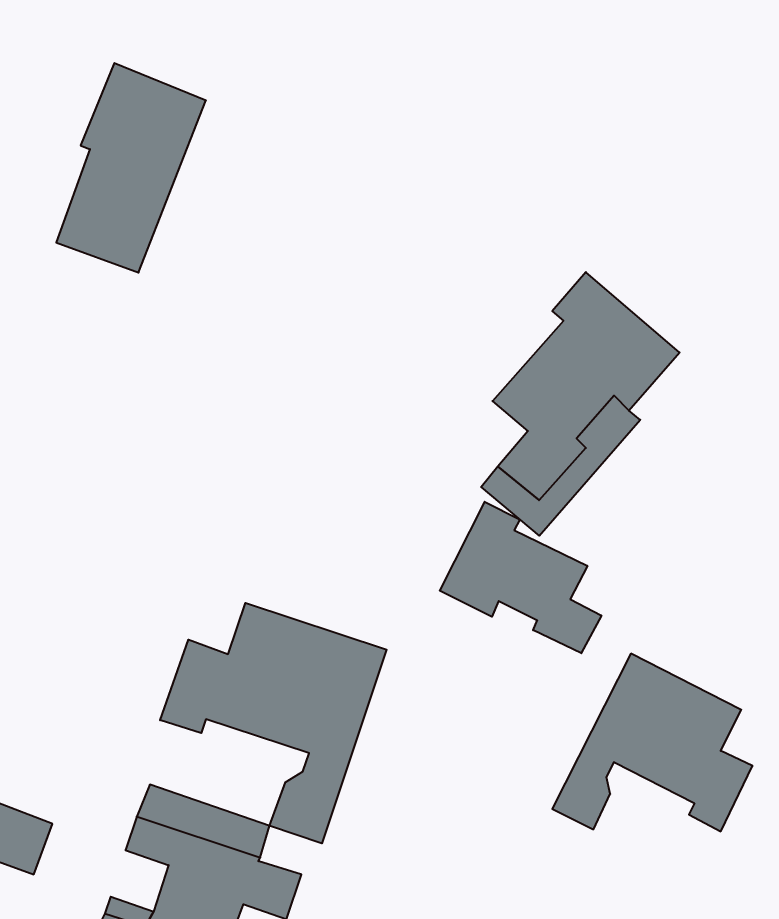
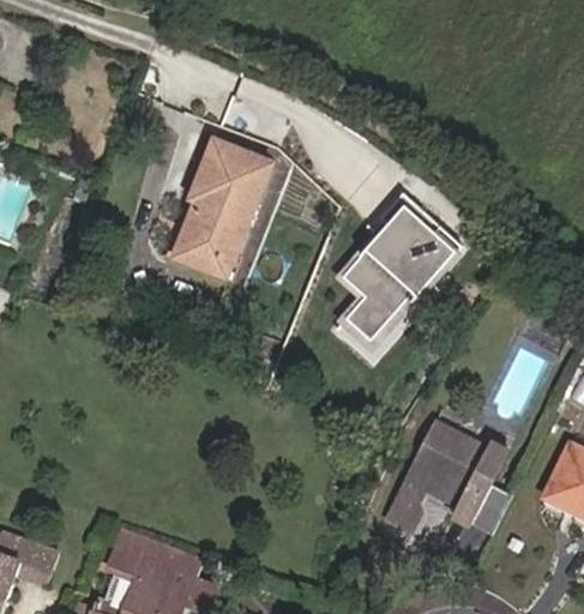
building: [56,63,206,273] -> [179,138,275,272]
building: [440,502,601,653] -> none
building: [160,603,387,843] -> none

